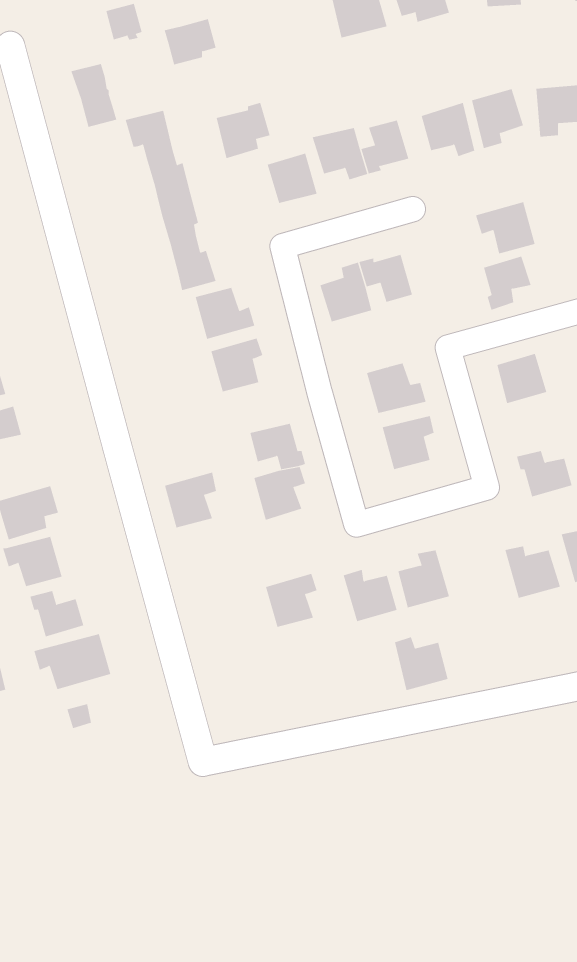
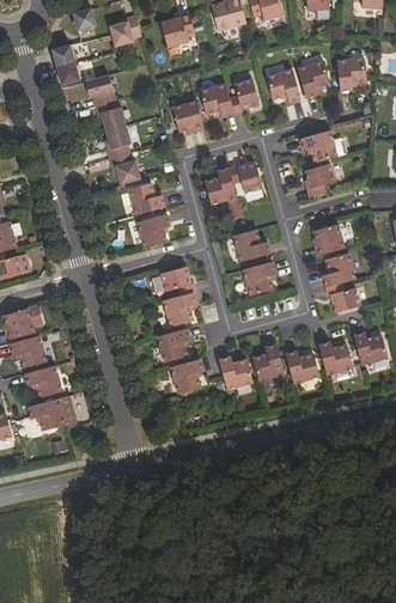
building: [216,102,270,159] -> [162,12,195,47]
building: none -> [323,252,355,286]
building: [164,472,217,528] -> [158,327,190,361]
building: [394,636,449,691] -> [286,349,319,383]

